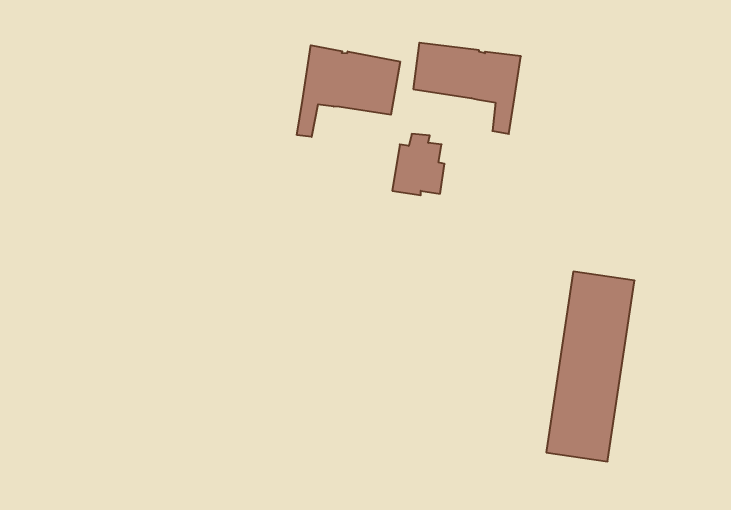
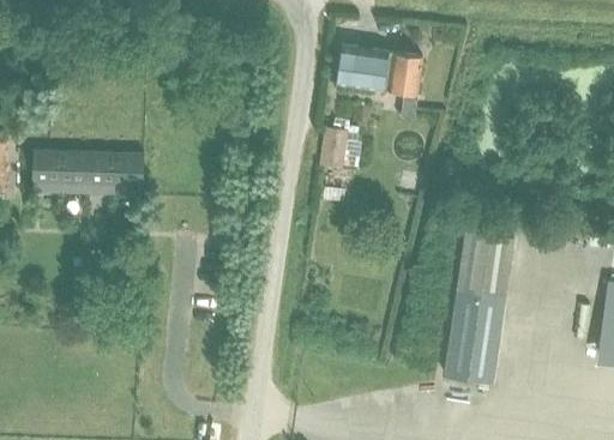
building: [297,45,400,137] -> none
building: none -> [31,152,143,199]

